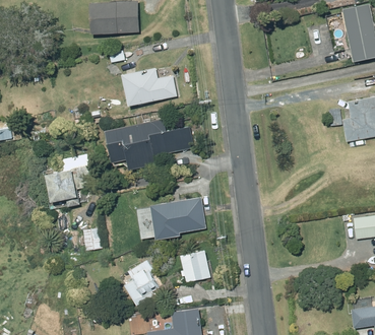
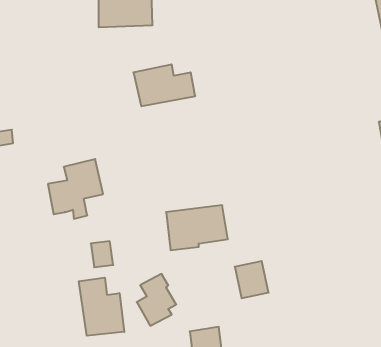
building: [105,120,194,172] -> none
building: [180,248,210,281] -> [235,261,269,298]
building: none -> [79,278,124,336]

